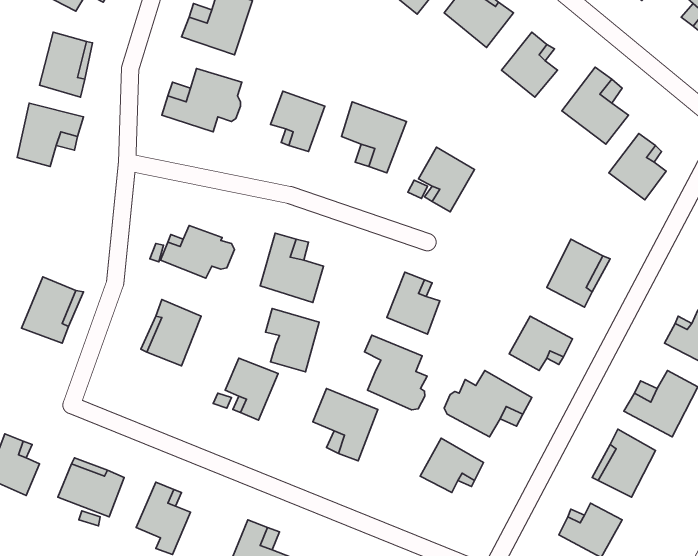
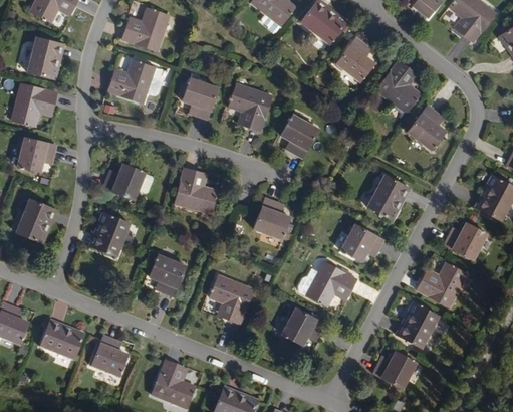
building: none -> [17,136,55,171]
building: [266,308,319,372] -> none
building: [365,335,427,410] -> none

